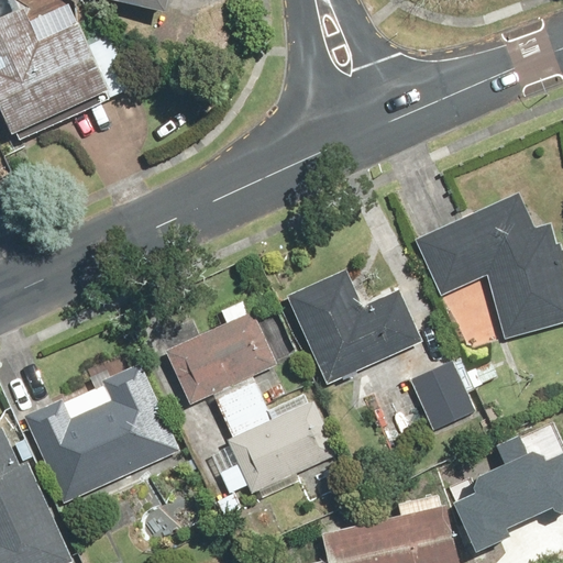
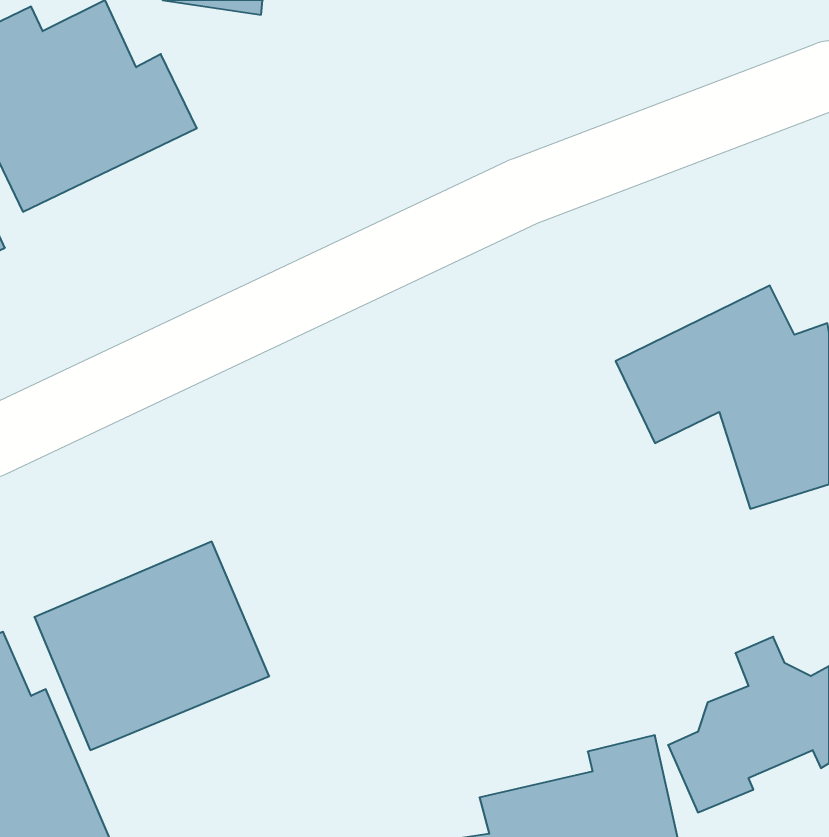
building: [288,271,422,383] -> none
building: [164,303,339,519] -> none
building: [406,357,474,432] -> none

